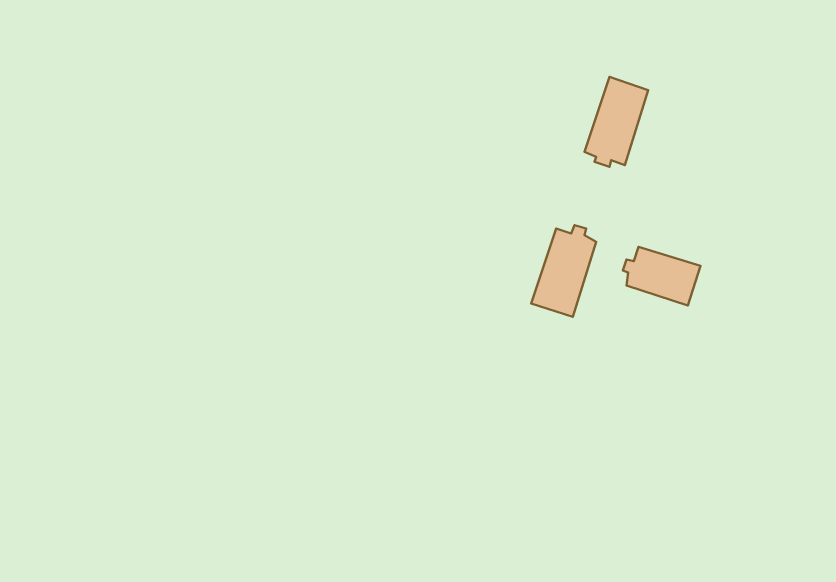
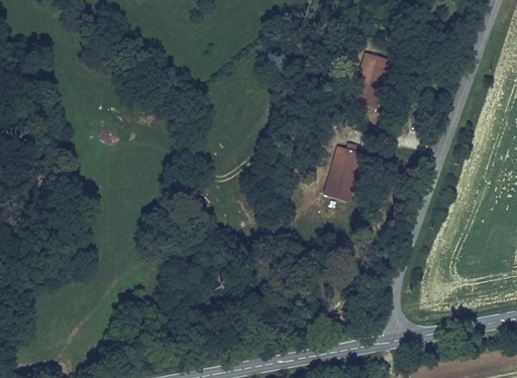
building: [623,247,701,306] -> none

